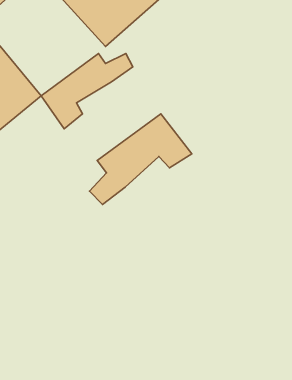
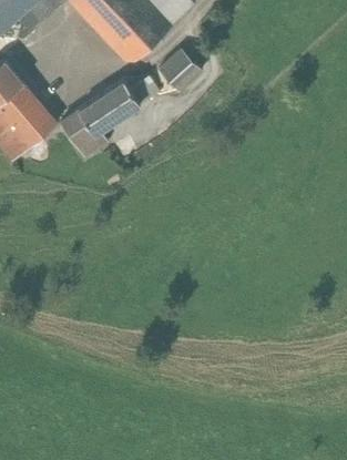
building: none -> [156,47,198,88]
building: [90,114,192,205] -> none

